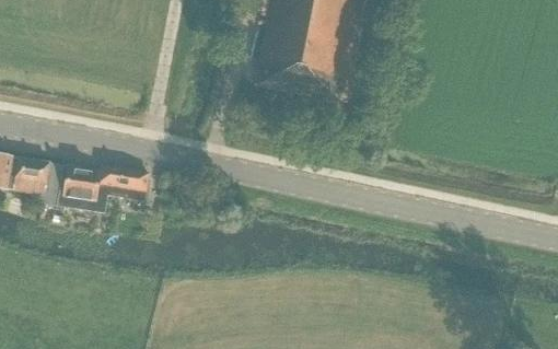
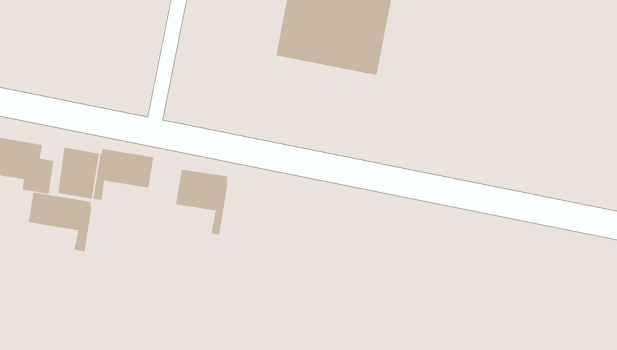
building: none -> [176,169,228,236]
building: none -> [28,192,92,252]

